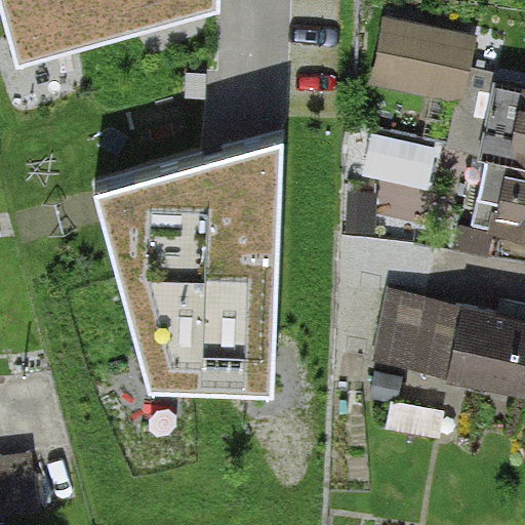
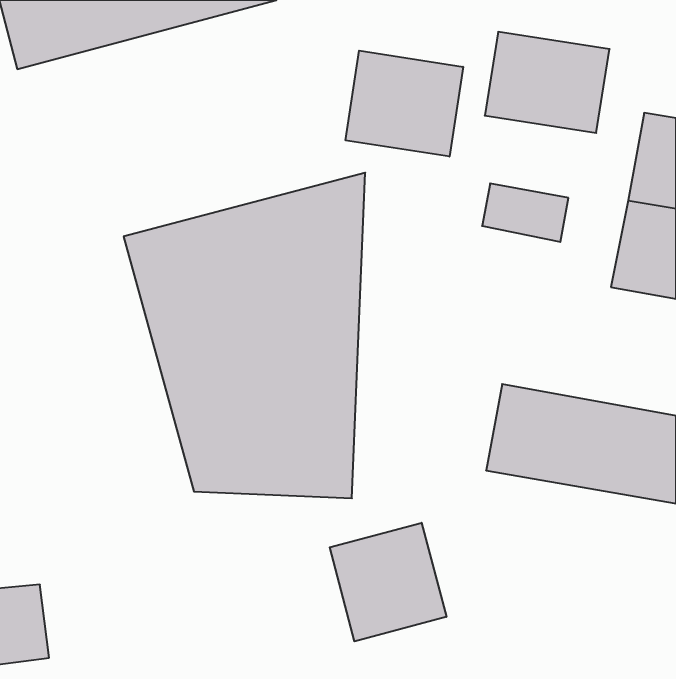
building: none -> [346,51,463,157]
building: none -> [330,523,446,641]

